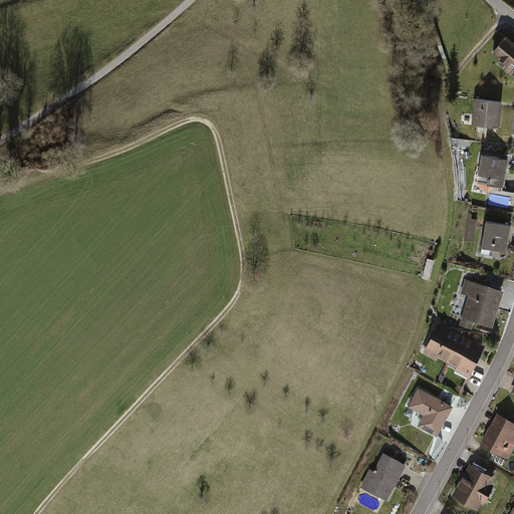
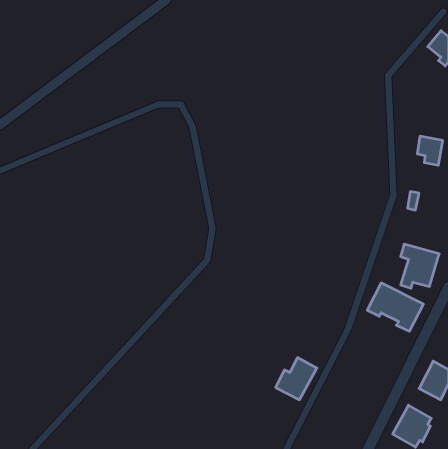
building: [470,98,501,128] -> none
building: [480,222,509,256] -> none
building: [408,388,453,437] -> none
building: [359,453,407,501] -> [276,358,317,400]

